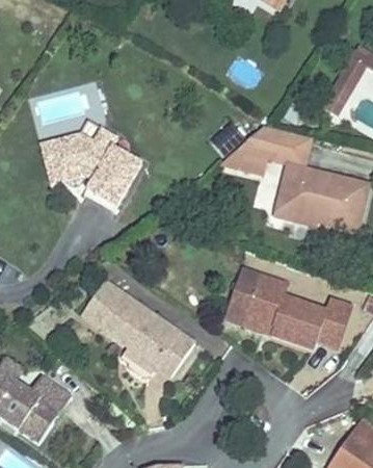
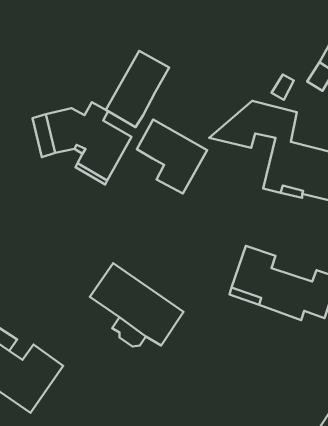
building: none -> [106,51,169,127]
building: none -> [137,120,207,194]
building: [82,280,123,326] -> none

